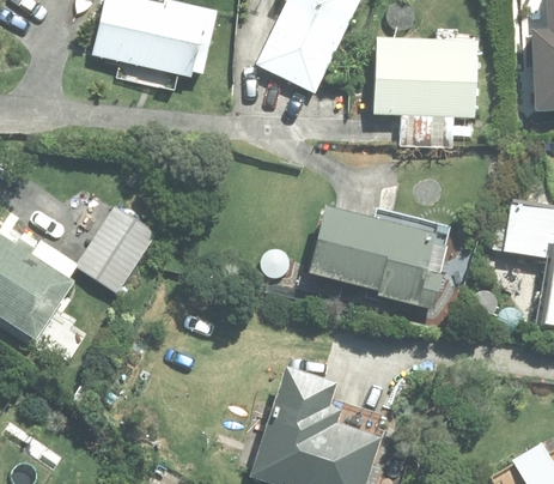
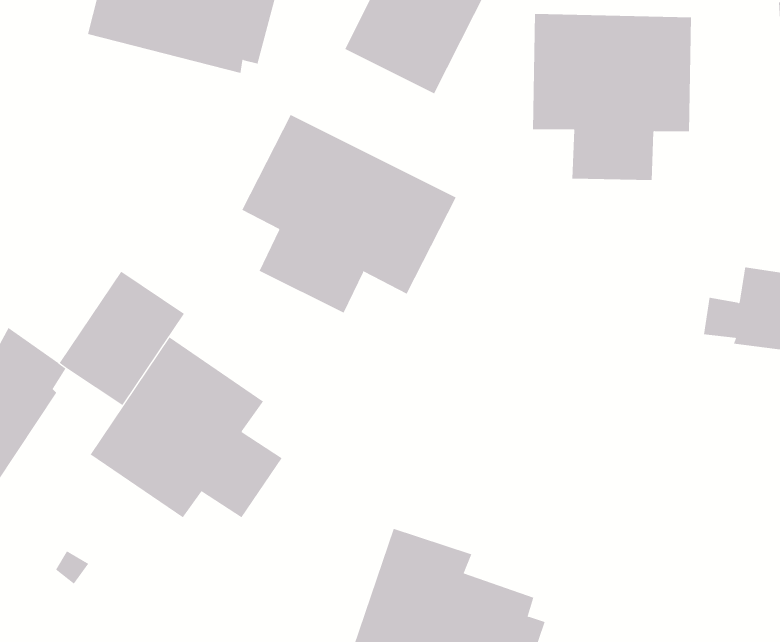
building: none -> [241,114,457,314]
building: [310,207,448,308] -> none
building: none -> [90,337,282,518]

